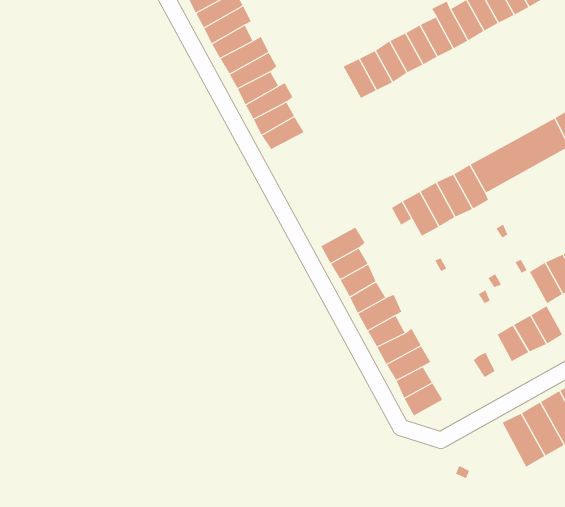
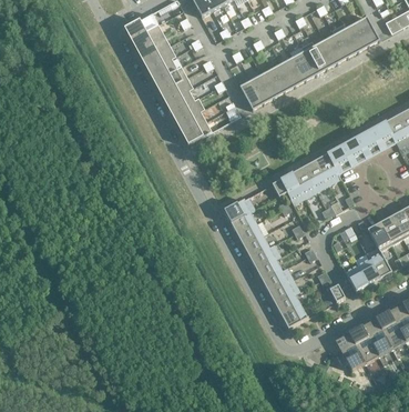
building: none -> [334,332,365,370]

